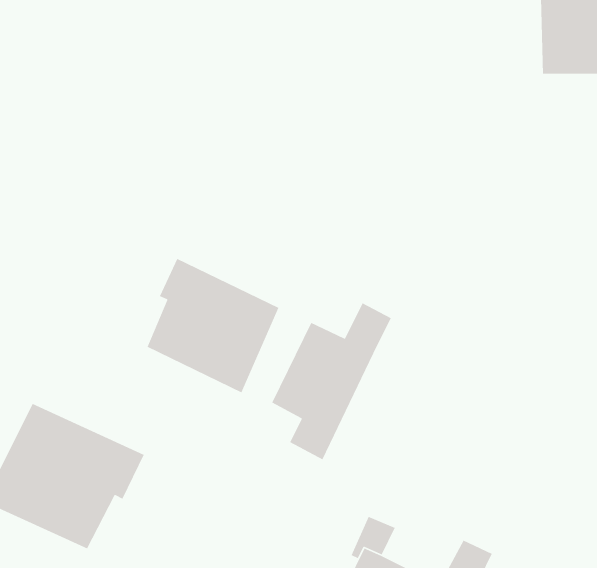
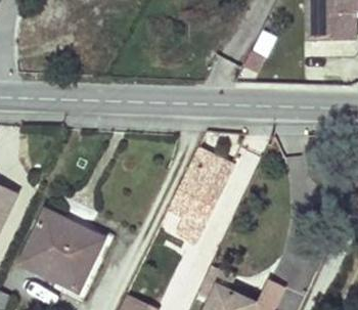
building: [147,258,279,394] -> none

